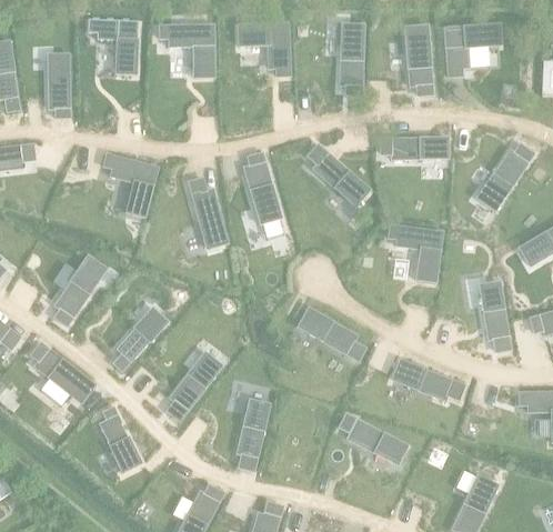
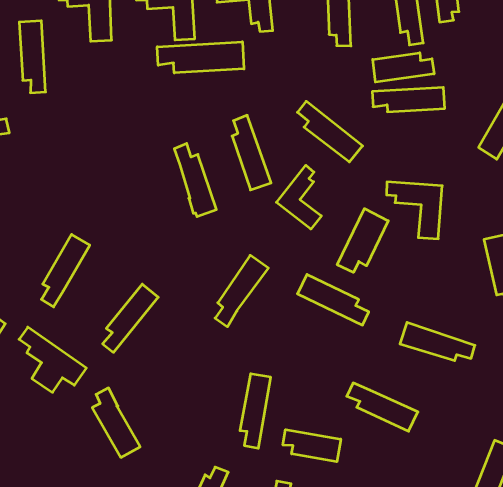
building: none -> [157,42,244,73]
building: none -> [373,53,434,82]
building: [102,154,157,217] -> none
building: none -> [276,165,321,229]
building: none -> [337,209,388,272]
building: [168,353,221,420] -> [215,255,268,327]
building: none -> [283,430,341,462]

